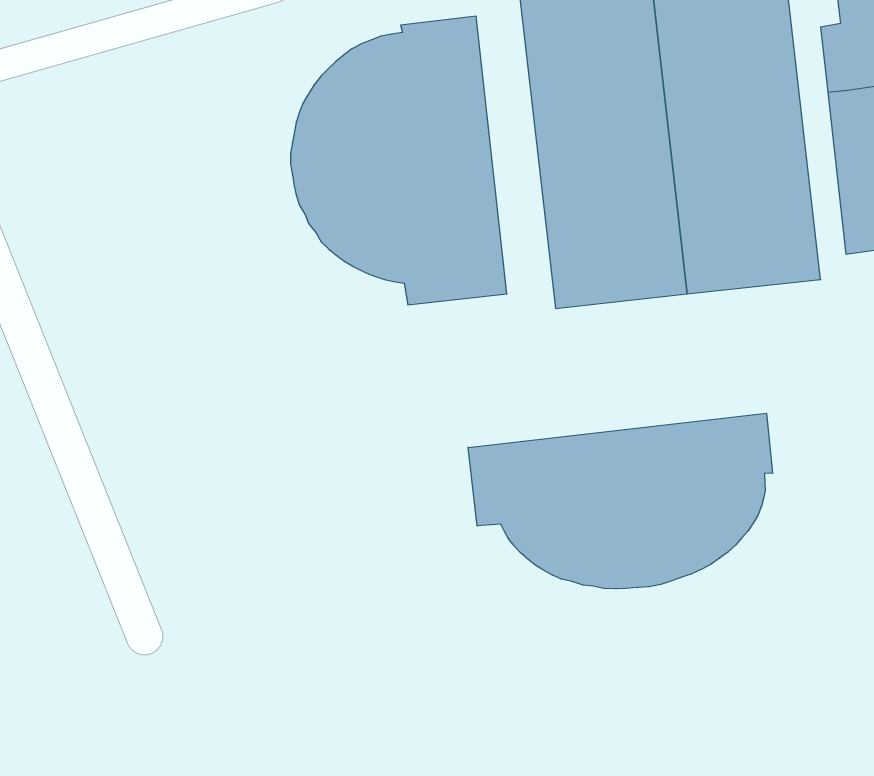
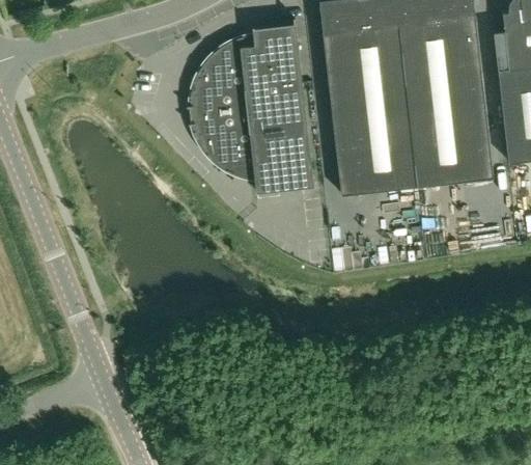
building: [468,413,773,589] -> none

